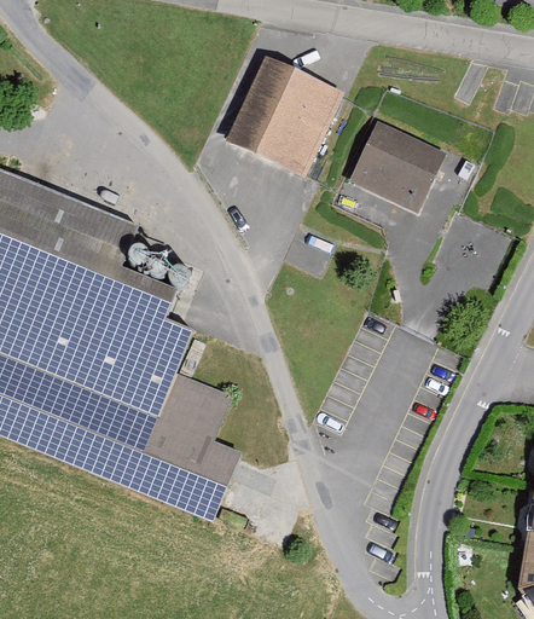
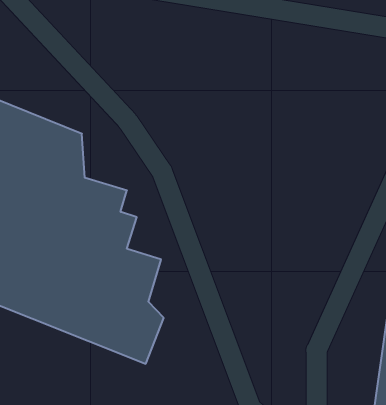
building: [226,63,346,185] -> none
building: [344,132,440,224] -> none

